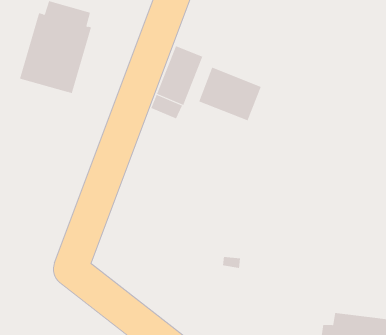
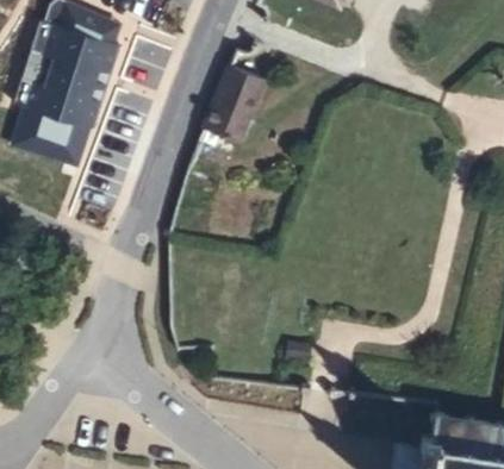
building: [198,67,262,121] -> none
building: none -> [11,110,88,152]

